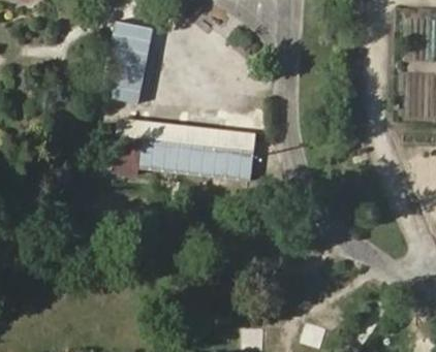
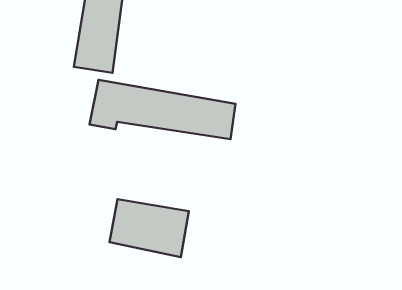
building: none -> [109,199,189,257]

